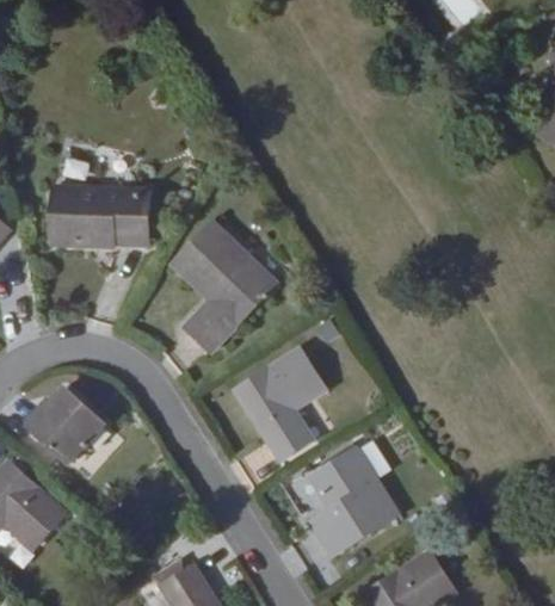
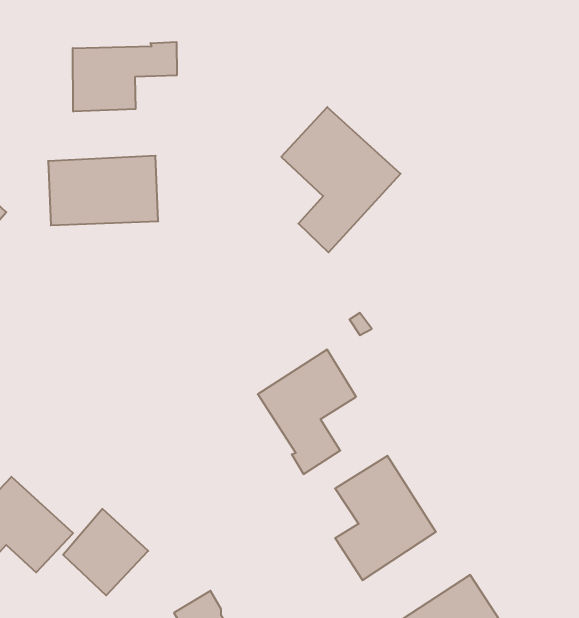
building: none -> [73,42,177,112]
building: [165,221,273,353] -> [281,107,401,252]
building: [31,387,109,465] -> [63,509,148,595]

